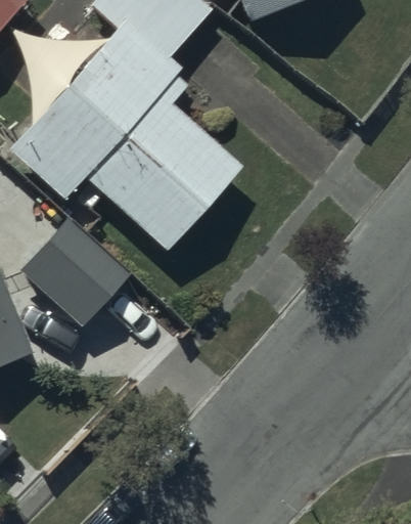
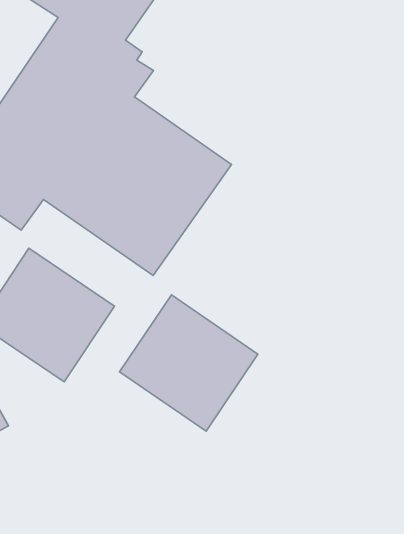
building: none -> [119,295,258,431]

